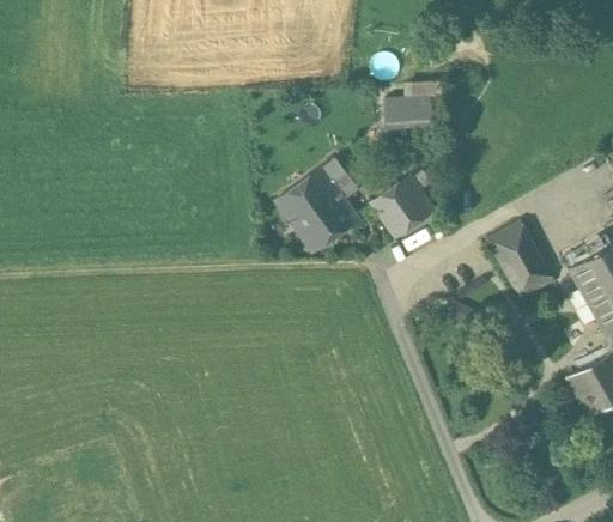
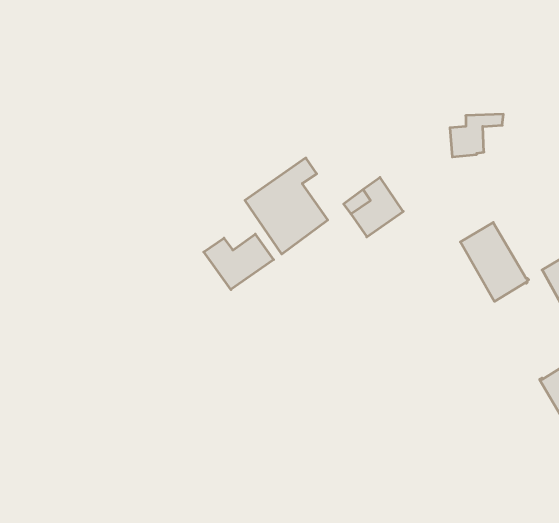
building: [390,85,443,127] -> [450,114,503,157]
building: none -> [204,234,274,290]

